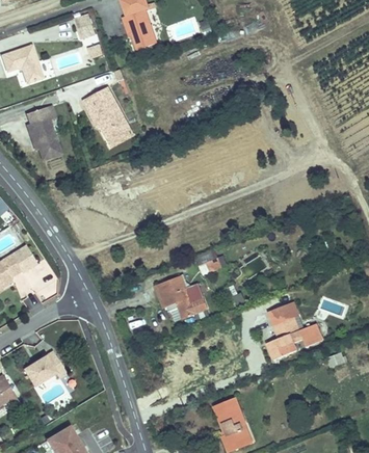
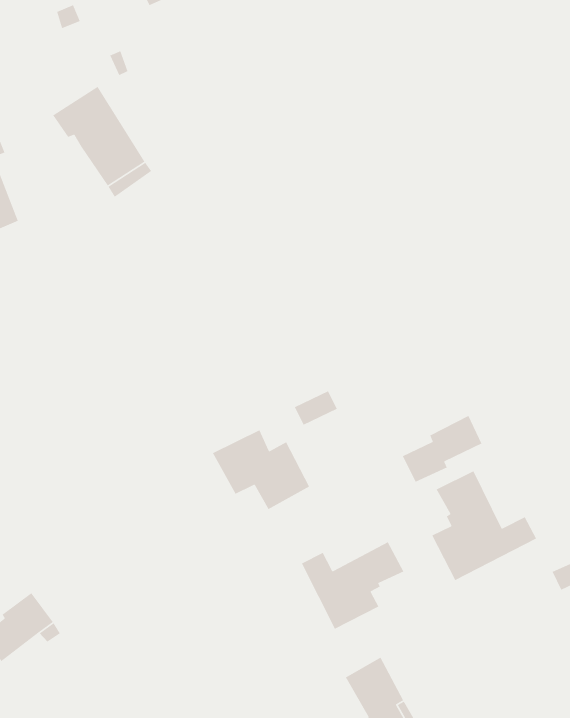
building: none -> [402,415,482,483]
building: none -> [301,541,404,630]

